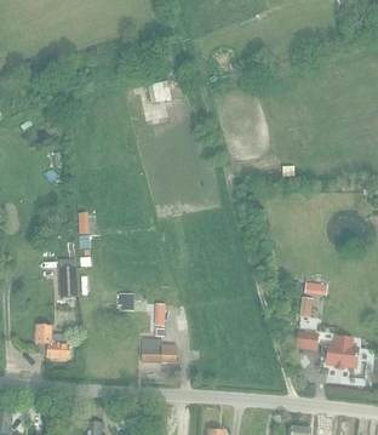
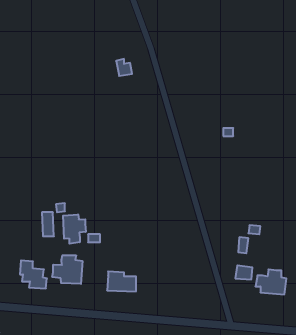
building: none -> [63,214,86,244]
building: none -> [52,255,82,284]

